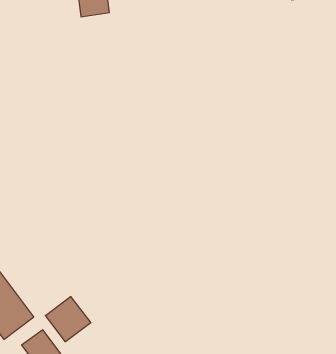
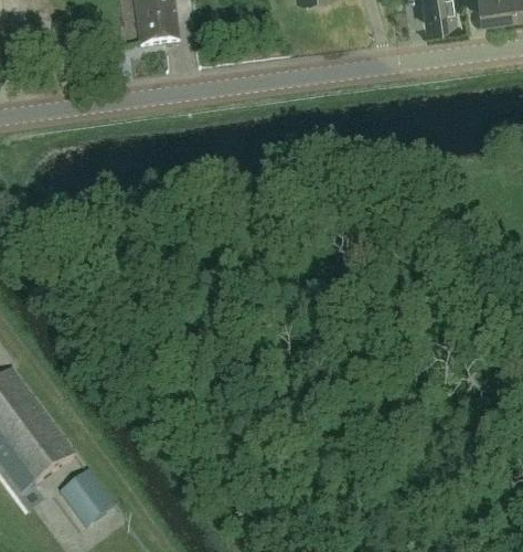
building: [45,297,91,342] -> none

